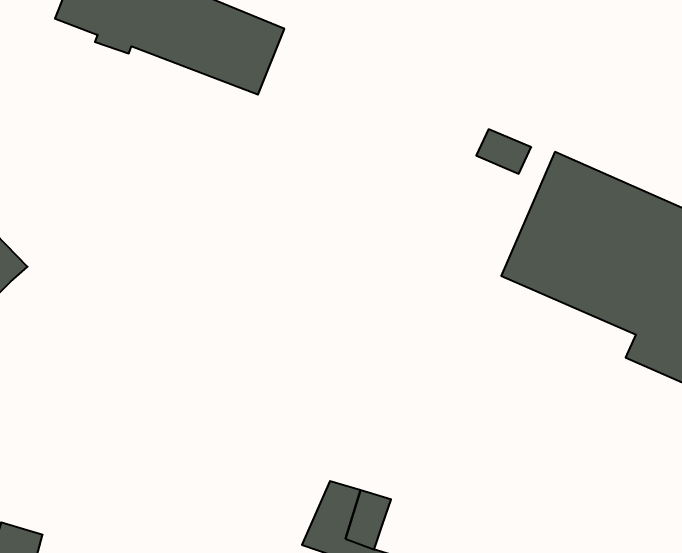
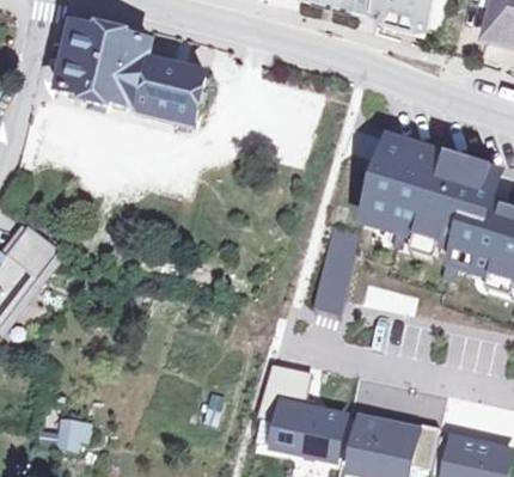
building: none -> [310,226,355,317]

